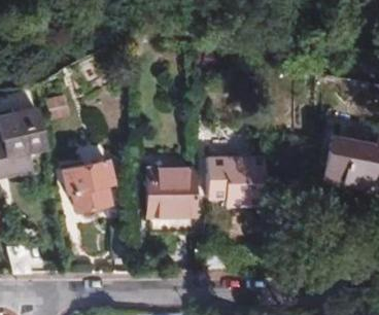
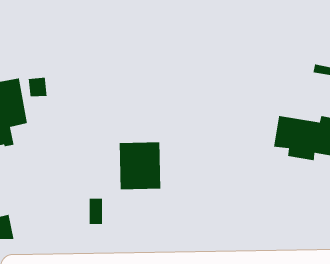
building: [201,157,259,205] -> none
building: [58,162,108,209] -> none

